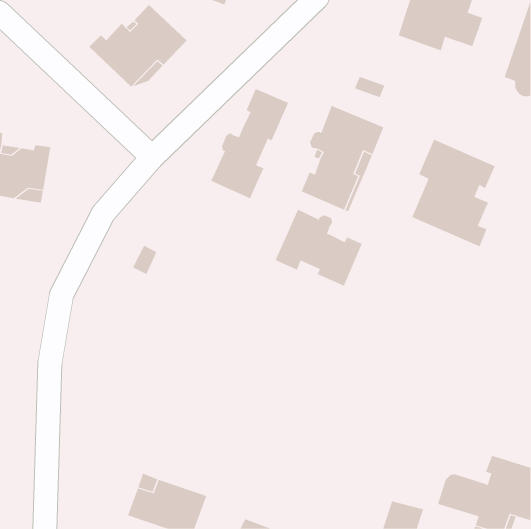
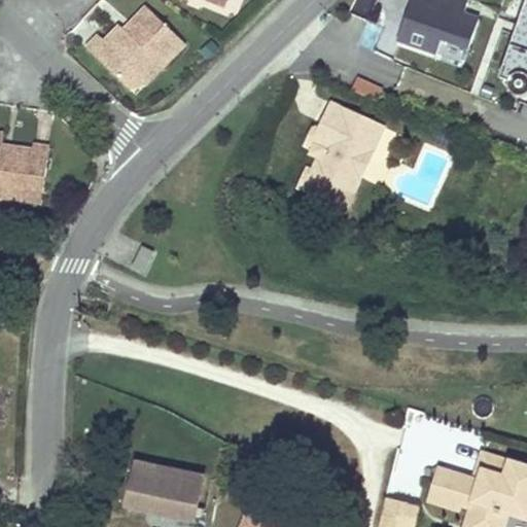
building: [211,88,289,199] -> none
building: [411,139,495,247] -> none
building: [275,209,363,286] -> none

